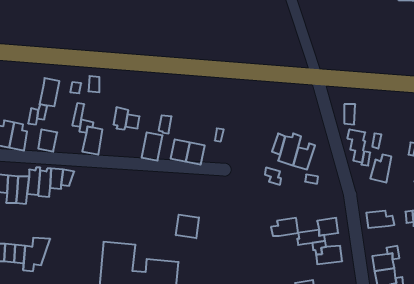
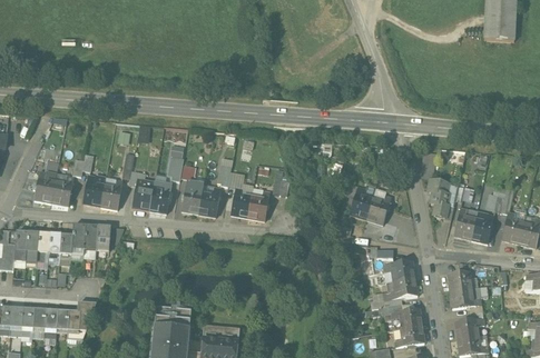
building: [39,78,59,106] -> [100,177,122,208]
building: none -> [150,181,171,212]
building: none -> [181,181,204,212]
building: none -> [470,211,491,243]
building: [176,215,199,238] -> none
building: [271,218,298,236] -> [384,262,414,282]
building: none -> [450,288,481,308]
building: none -> [393,327,424,346]

